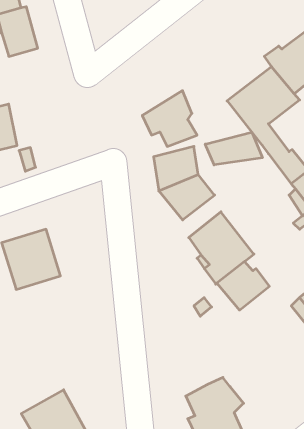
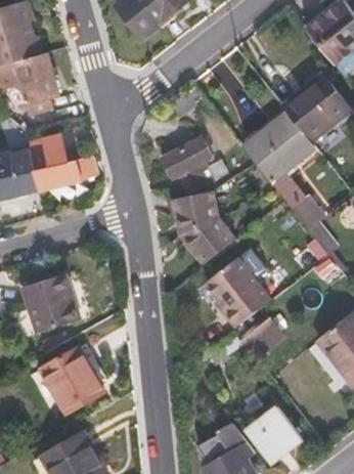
building: none -> [27,136,96,190]
building: [205,132,262,165] -> none
building: none -> [39,347,102,414]
building: none -> [247,406,302,462]

